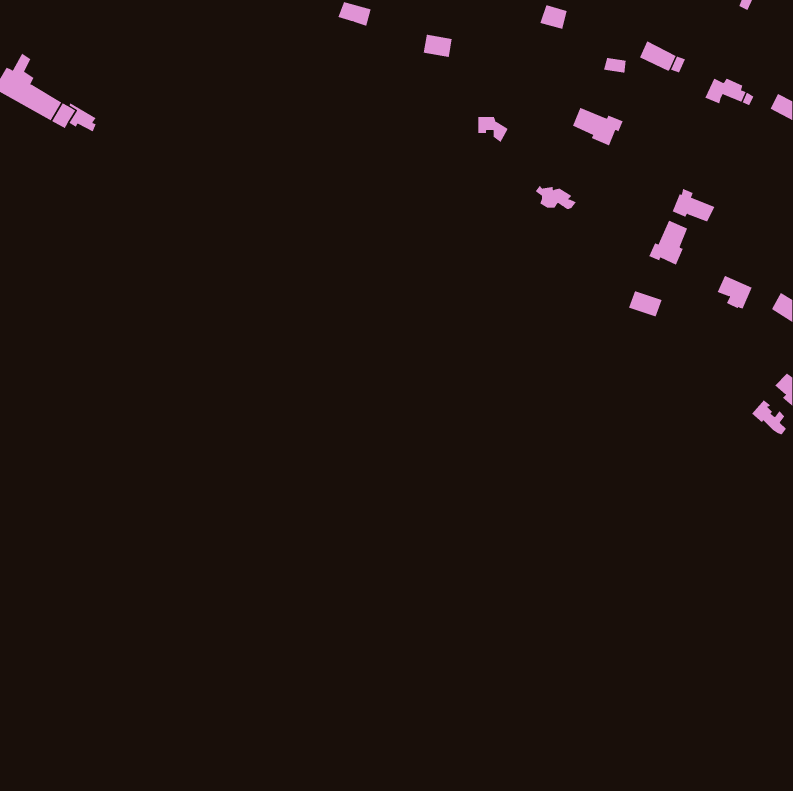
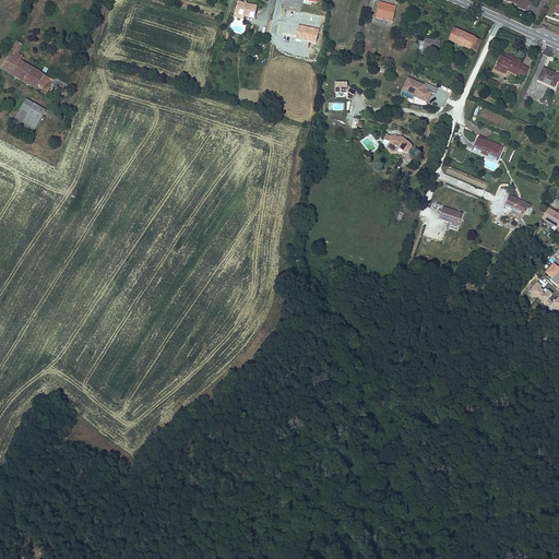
building: none -> [10,96,45,134]
building: [648,220,688,265] -> none

